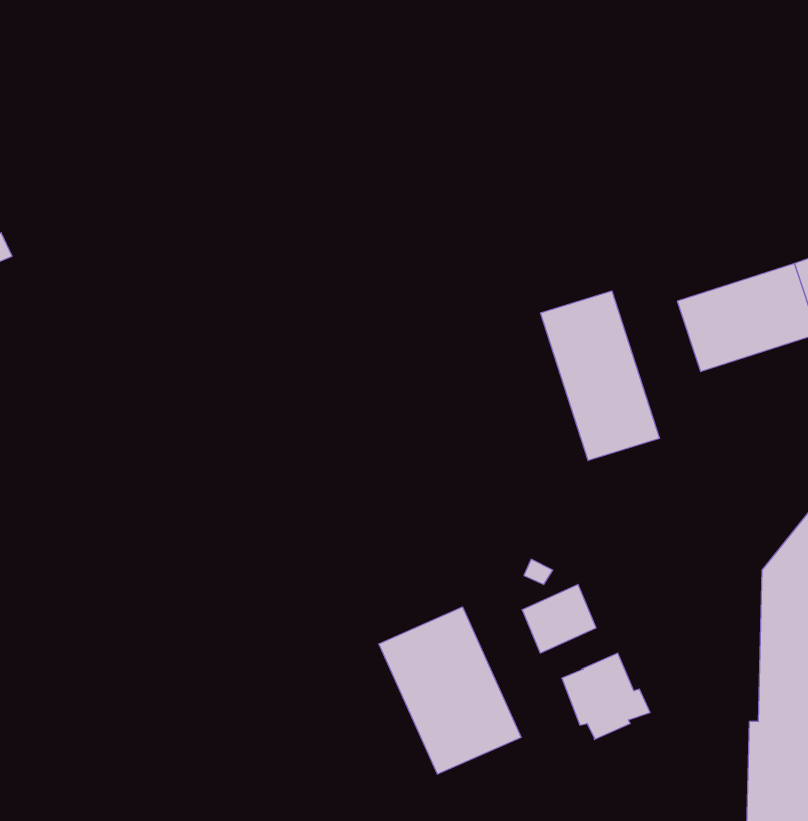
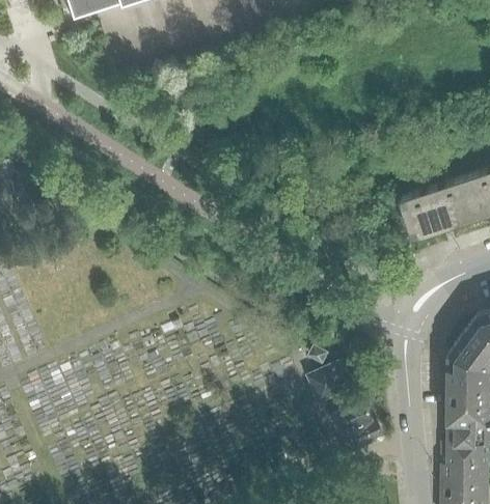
building: [540,291,659,461] -> none
building: [379,607,521,774] -> none

